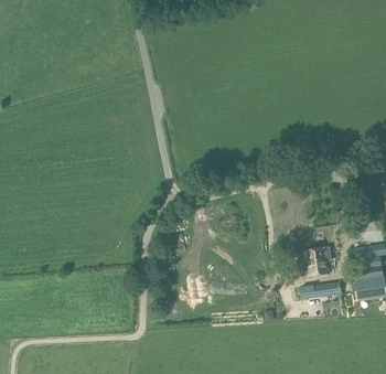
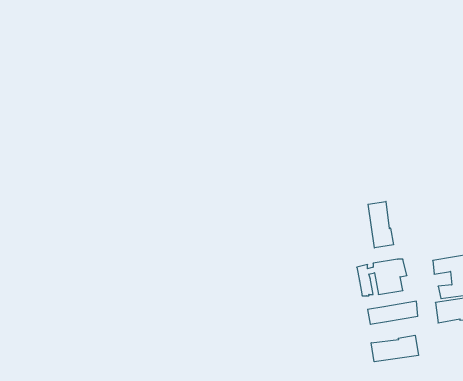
building: none -> [368,201,393,248]
building: none -> [371,335,418,362]

